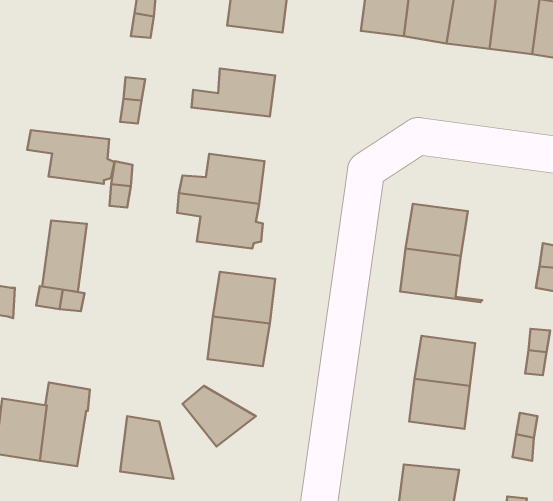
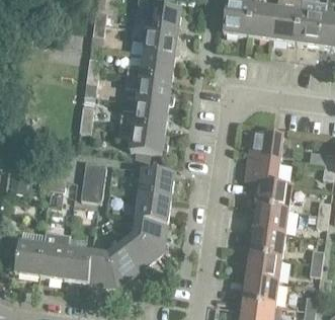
building: none -> [132,27,180,57]
building: [27,130,115,184] -> [124,75,174,105]
building: [42,220,87,292] -> [81,161,106,202]
building: none -> [257,181,290,209]
building: none -> [134,218,167,250]
building: none -> [108,243,141,286]
building: none -> [62,247,90,282]
building: none -> [247,253,281,281]

